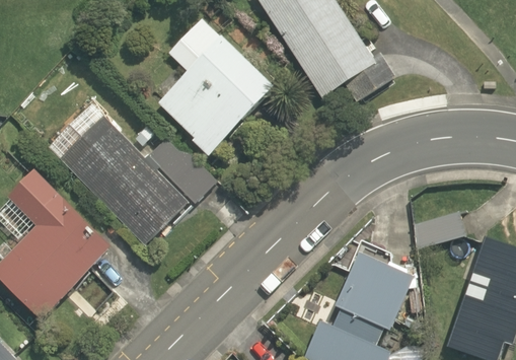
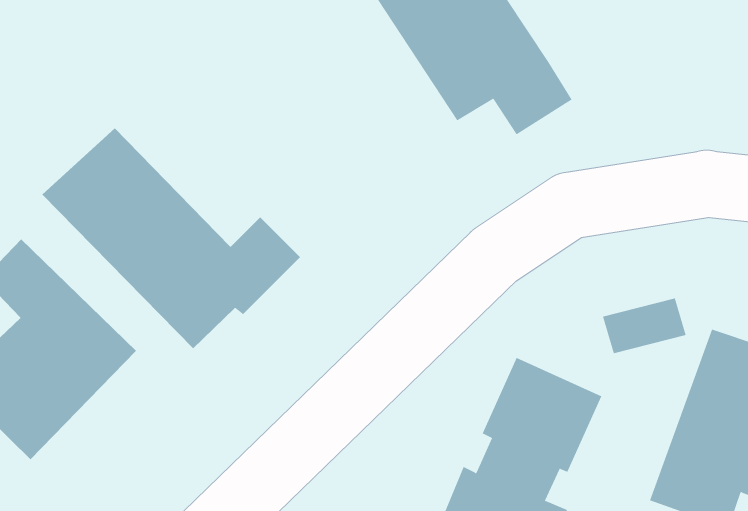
building: [149,35,269,156] -> none

